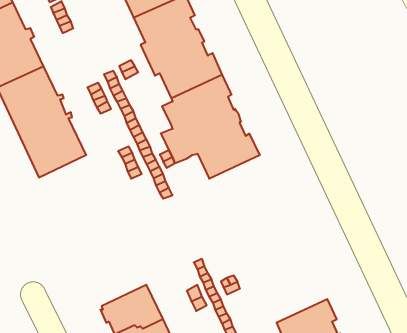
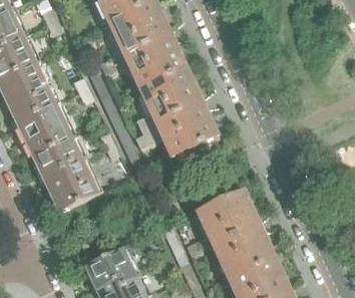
building: none -> [34,140,104,215]
building: none -> [204,195,279,283]

